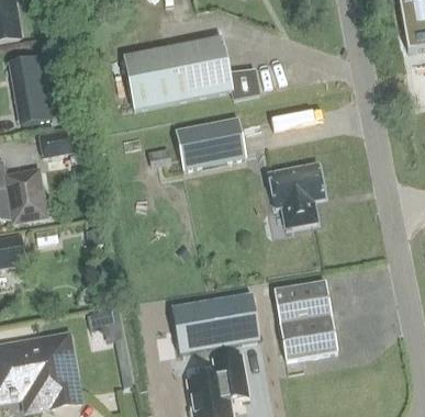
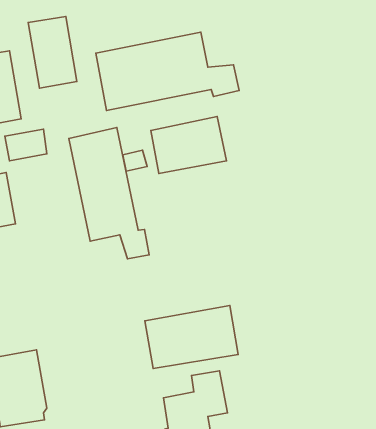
building: none -> [28,17,77,88]
building: none -> [69,127,149,259]
building: [268,162,324,225] -> none
building: [273,280,337,359] -> none

